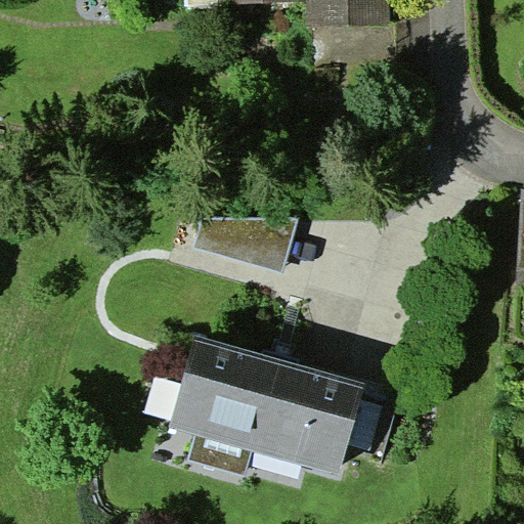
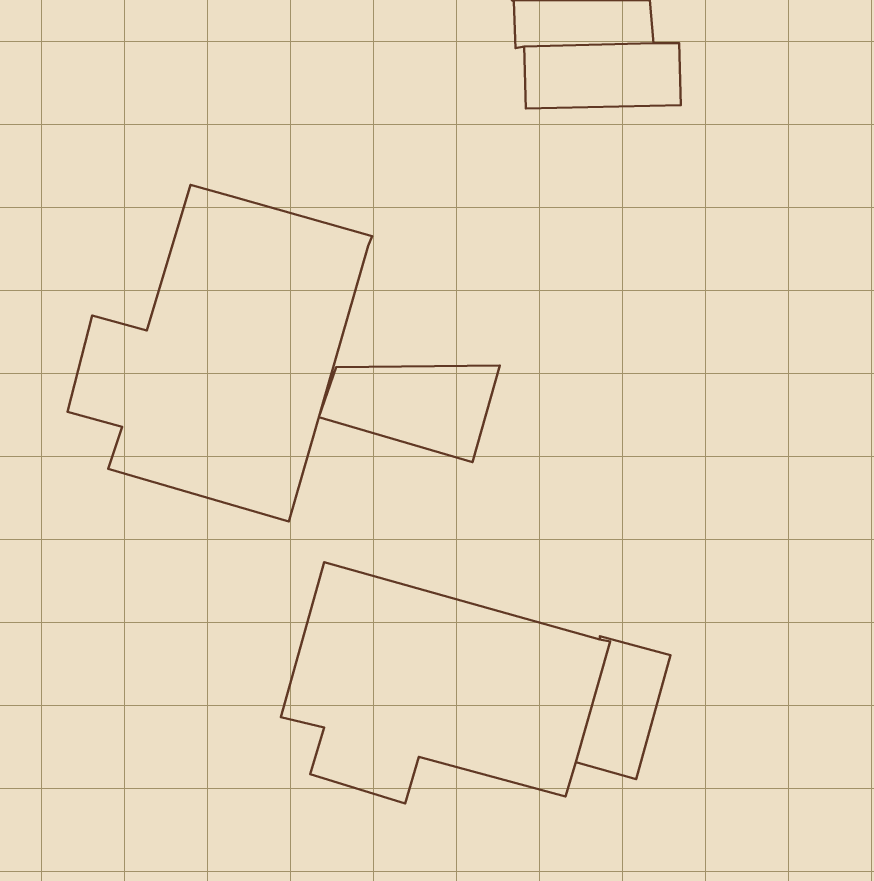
building: none -> [68,185,372,522]

